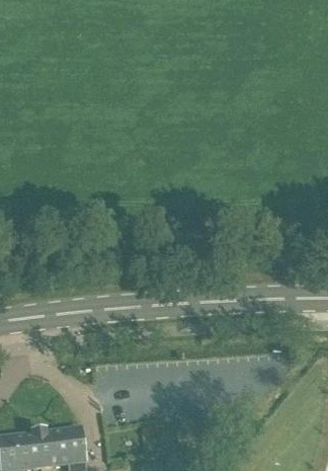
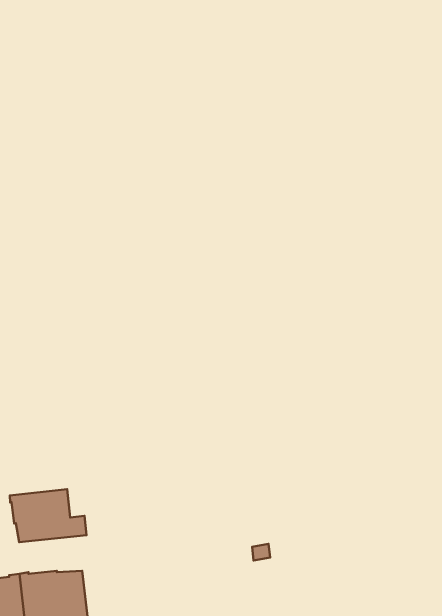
building: none -> [10,489,86,542]

